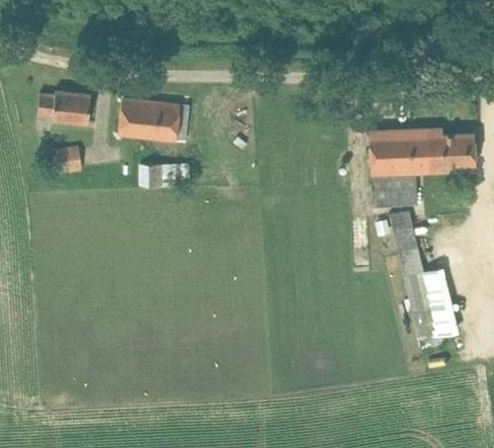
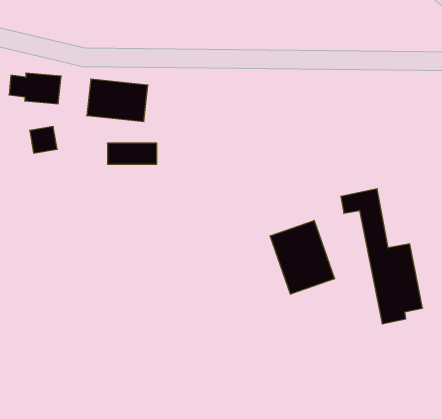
building: [367,129,474,208] -> none
building: none -> [270,220,334,294]

